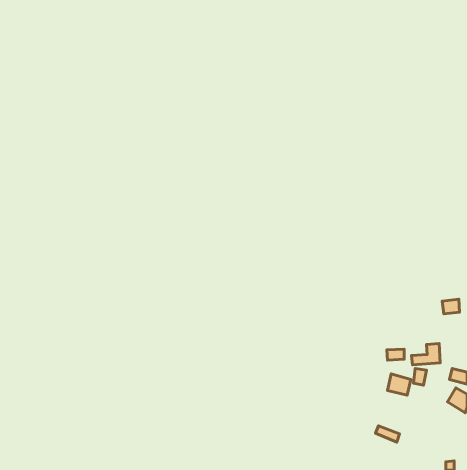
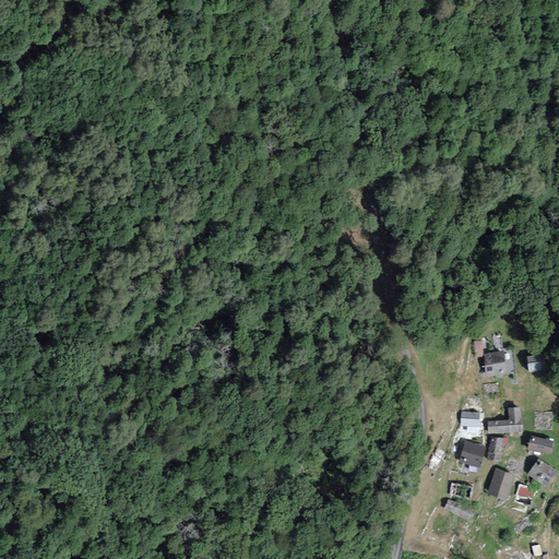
building: none -> [481,350,506,371]
building: none -> [488,468,512,497]

